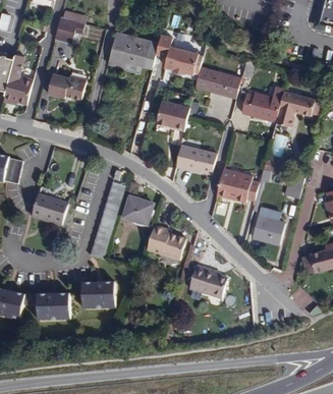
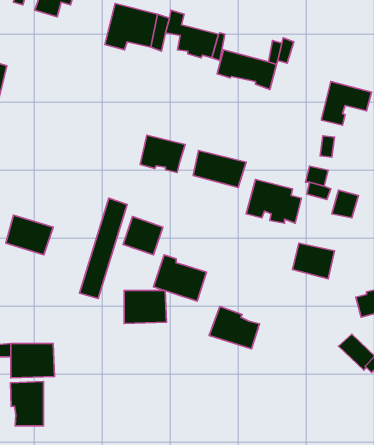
building: [47,73,86,98] -> none
building: [241,87,283,117] -> none
building: [156,100,190,128] -> [140,135,185,172]
building: [81,282,114,307] -> [124,290,166,324]
building: none -> [10,381,44,426]

